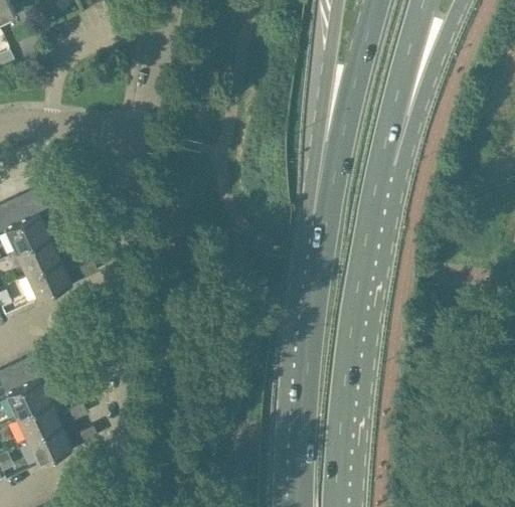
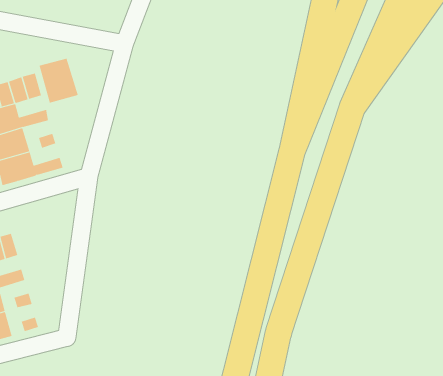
building: none -> [39,58,78,104]

